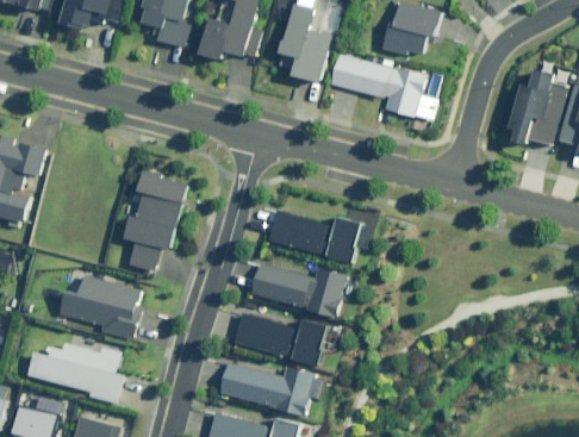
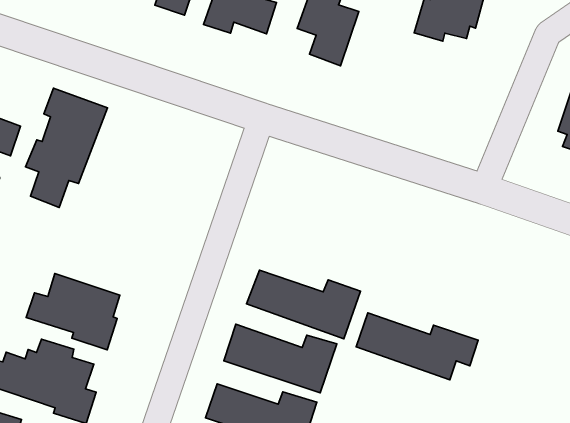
building: [329,54,435,119] -> none
building: [123,169,191,271] -> [25,88,108,207]
building: [269,210,374,263] -> [356,313,478,380]

